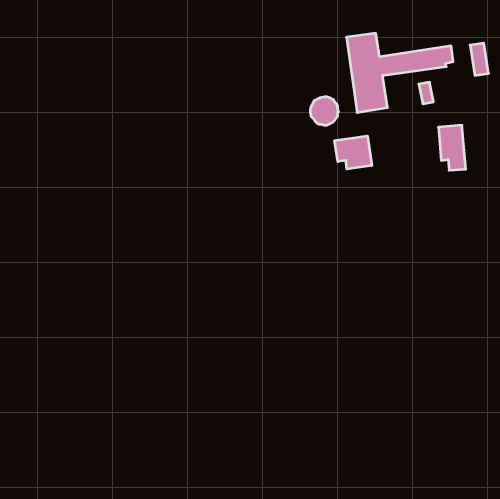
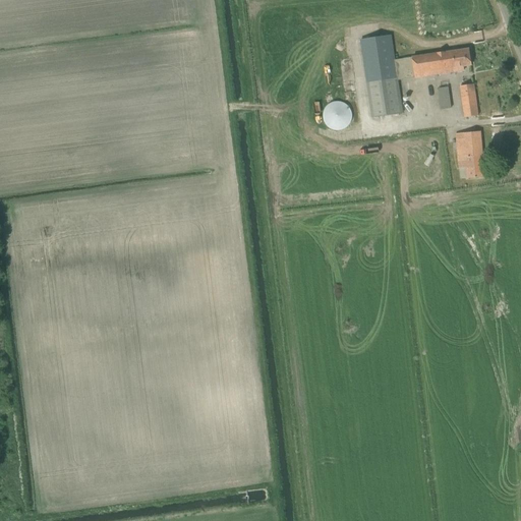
building: [470,43,489,75] -> [460,83,479,117]
building: [335,136,372,169] -> none

